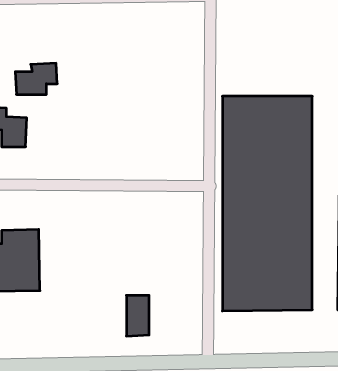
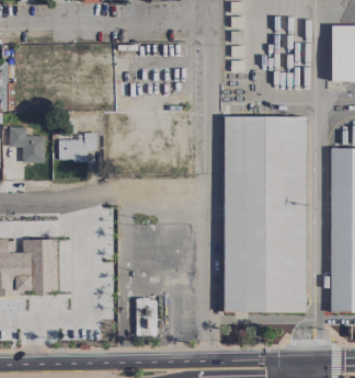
building: [15,63,57,94] -> [59,131,98,160]

